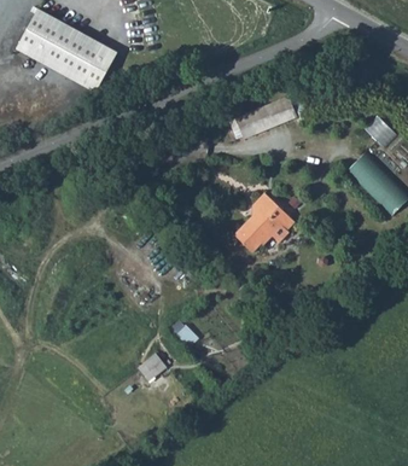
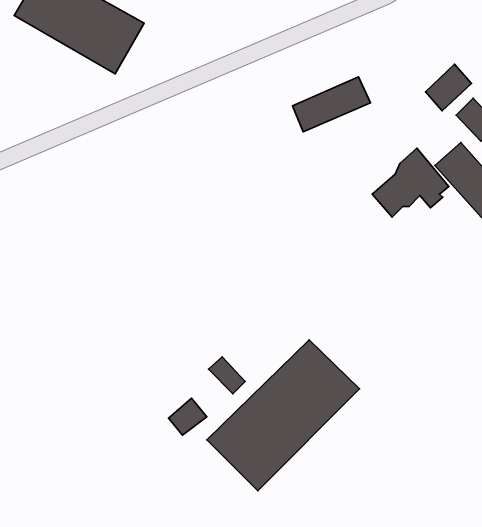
building: none -> [425,64,472,111]
building: [228,191,288,245] -> [372,148,449,217]
building: none -> [207,340,360,491]

